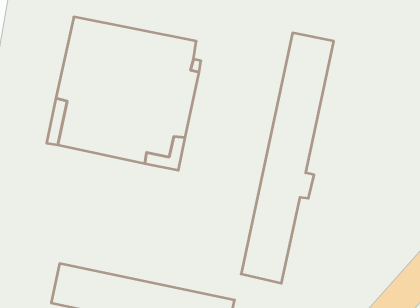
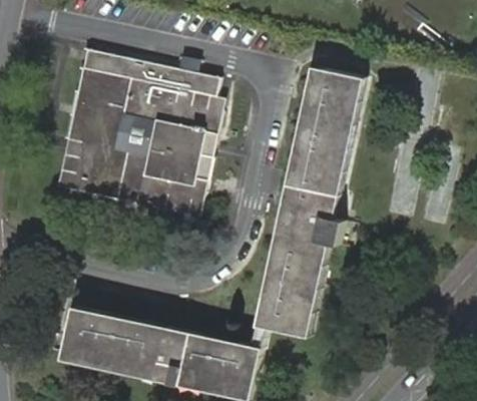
building: none -> [71,67,321,356]

